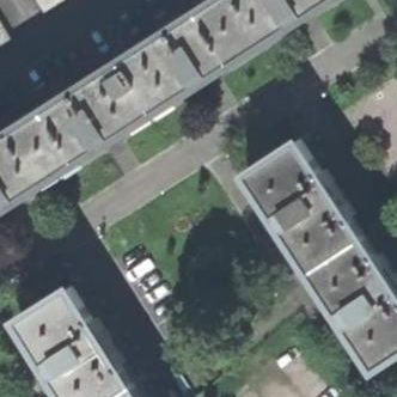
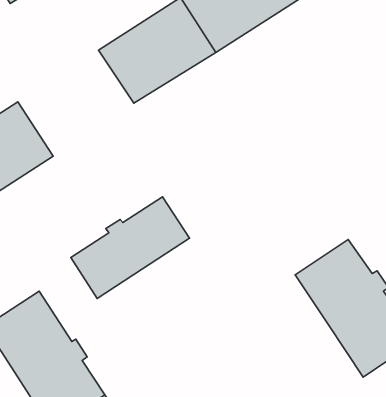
building: [44,57,154,158] -> none
building: [242,139,358,270] -> none
building: none -> [71,197,190,298]

